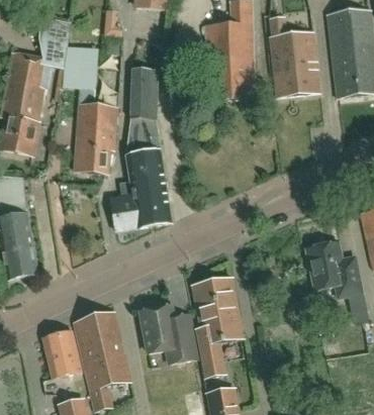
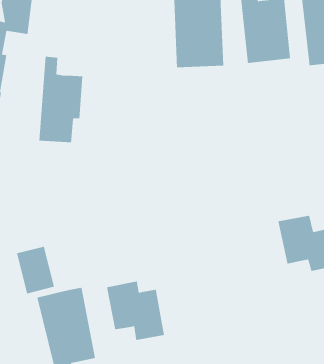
building: [75,44,98,87] -> none
building: [111,67,172,229] -> none
building: [191,275,244,377] -> none
building: [43,330,81,377] -> [16,246,55,294]

